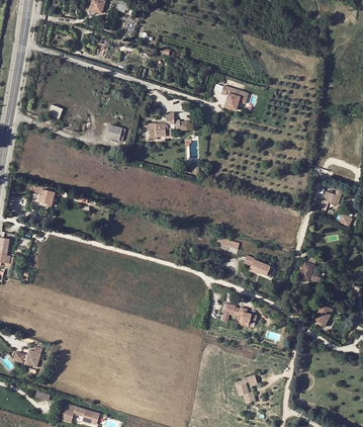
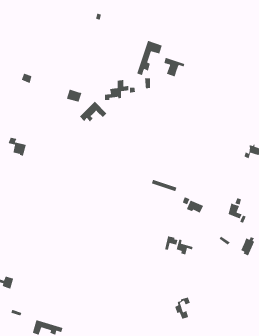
building: none -> [136,40,163,76]
building: none -> [79,101,107,123]

